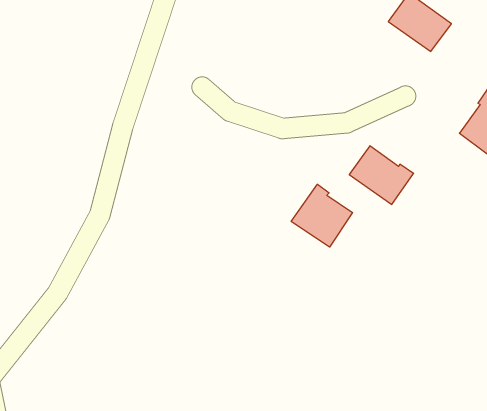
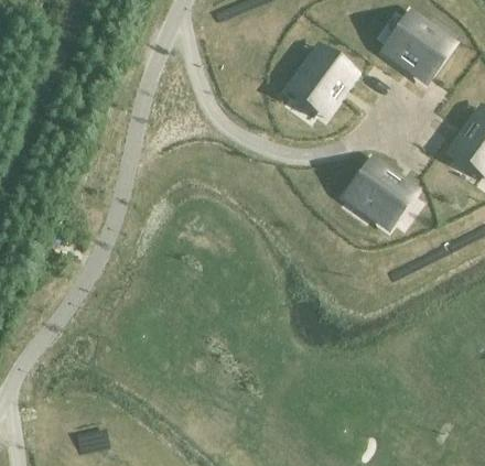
building: none -> [292,53,349,112]
building: [291,184,353,247] -> none

